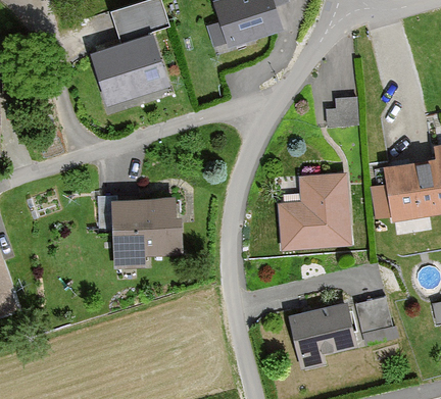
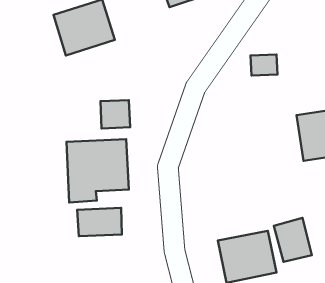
building: none -> [101,100,130,129]
building: [275,176,351,255] -> none
building: none -> [77,208,122,236]

